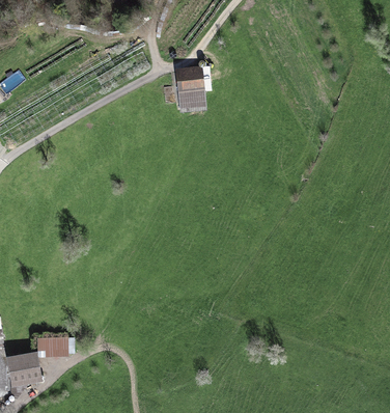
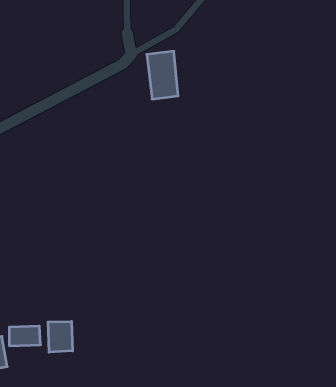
building: none -> [48,321,73,352]

